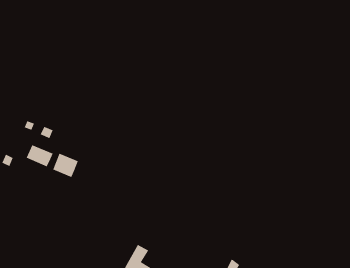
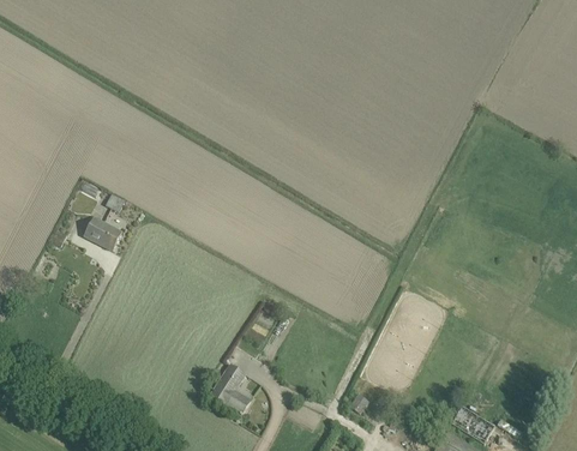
building: [52,153,78,178] -> none

